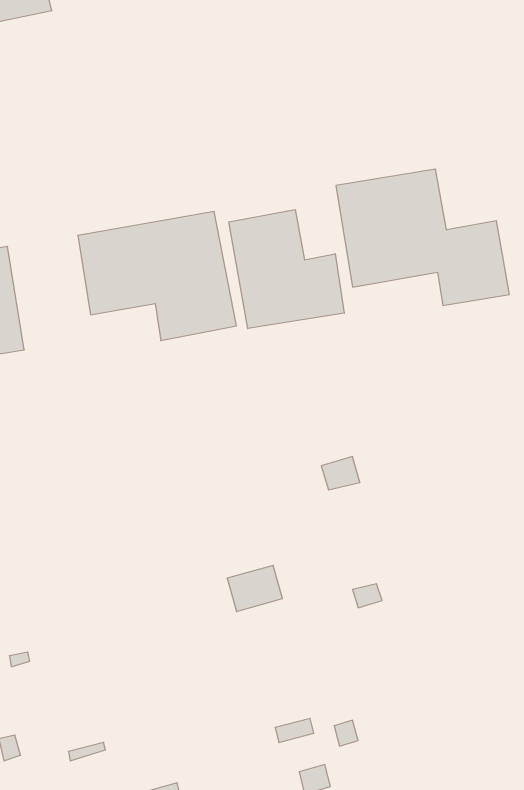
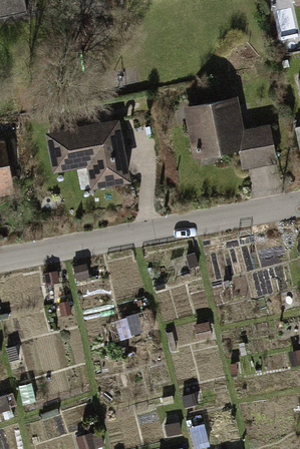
building: [229,210,344,329] -> none

